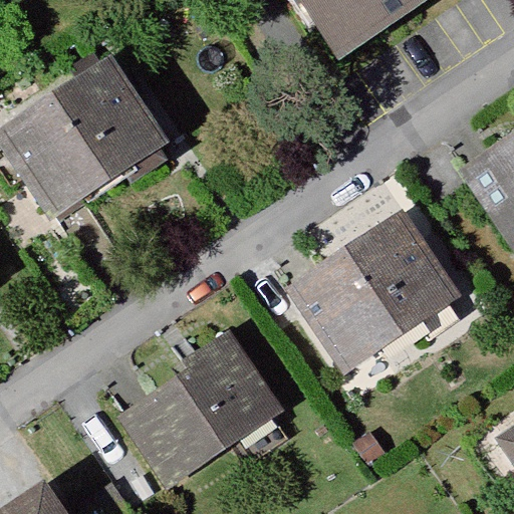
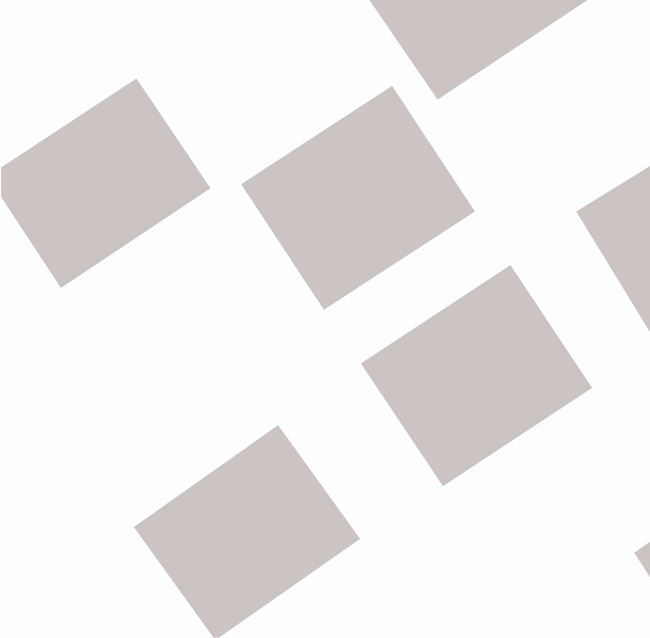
building: none -> [240,85,476,311]

